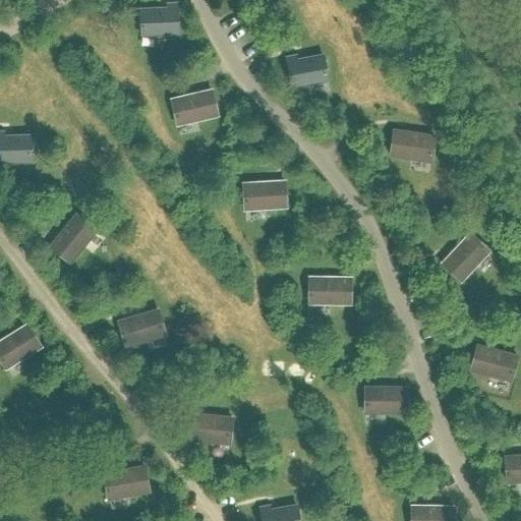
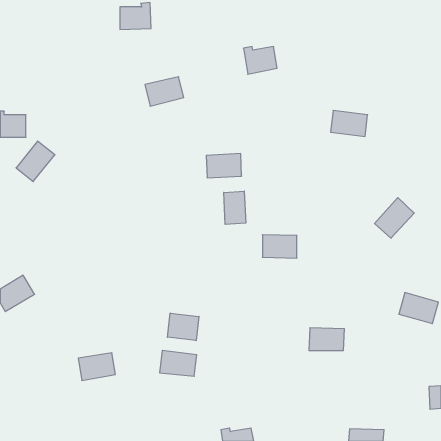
building: [50,215,96,263] -> [16,141,55,182]
building: none -> [224,191,246,224]
building: [119,309,165,346] -> none
building: none -> [167,313,199,341]
building: [104,466,148,499] -> [78,353,115,380]

